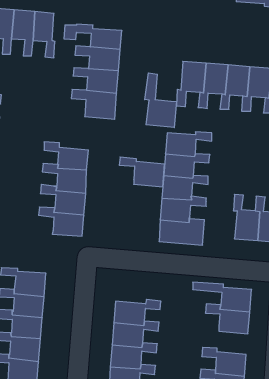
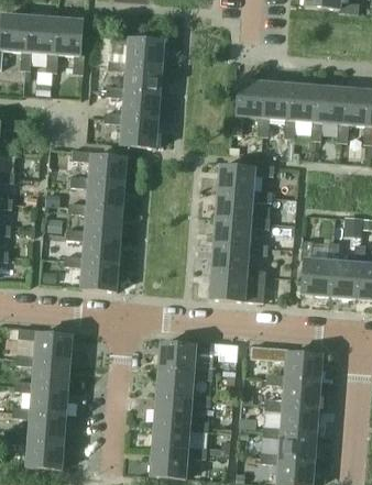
building: [145,73,177,128] -> none
building: [119,157,165,187] -> [72,150,127,186]
building: none -> [157,341,215,373]
building: none -> [264,399,318,434]

